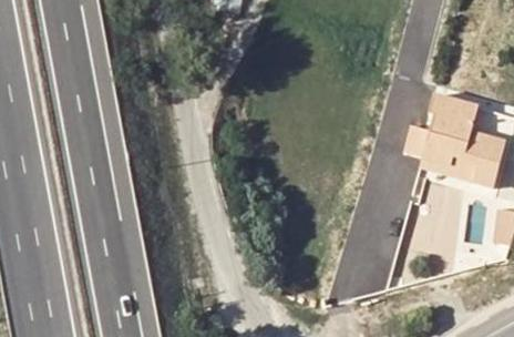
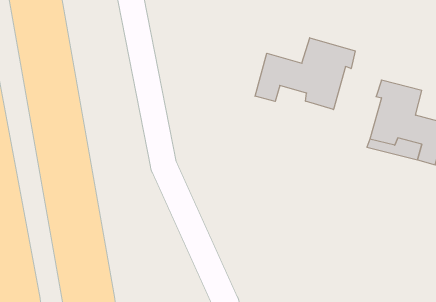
building: none -> [255,38,355,110]

